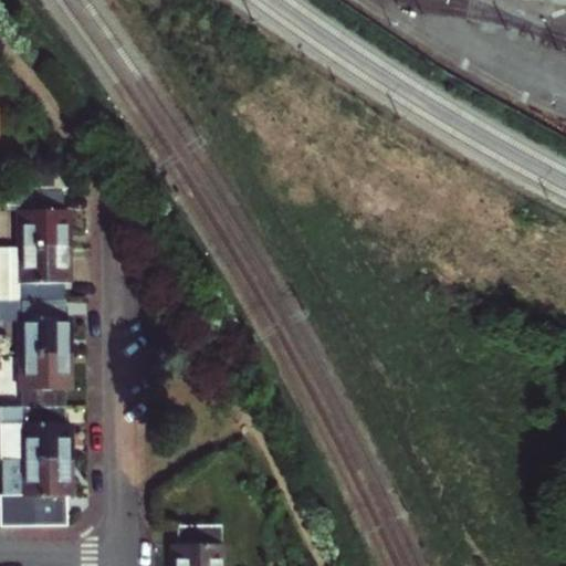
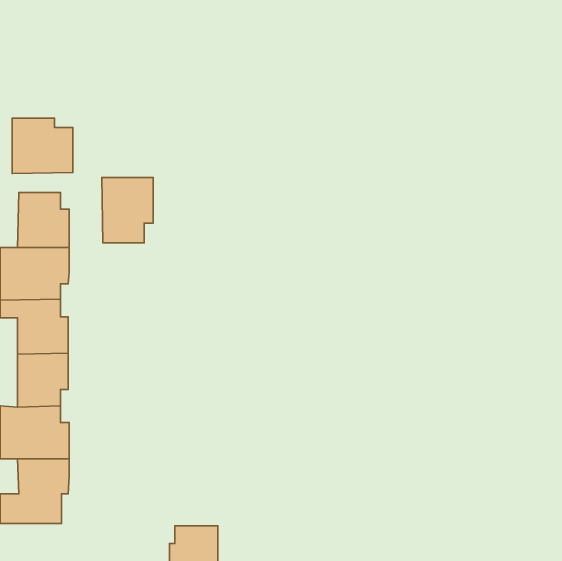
building: none -> [12,118,73,174]
building: none -> [102,178,153,243]

